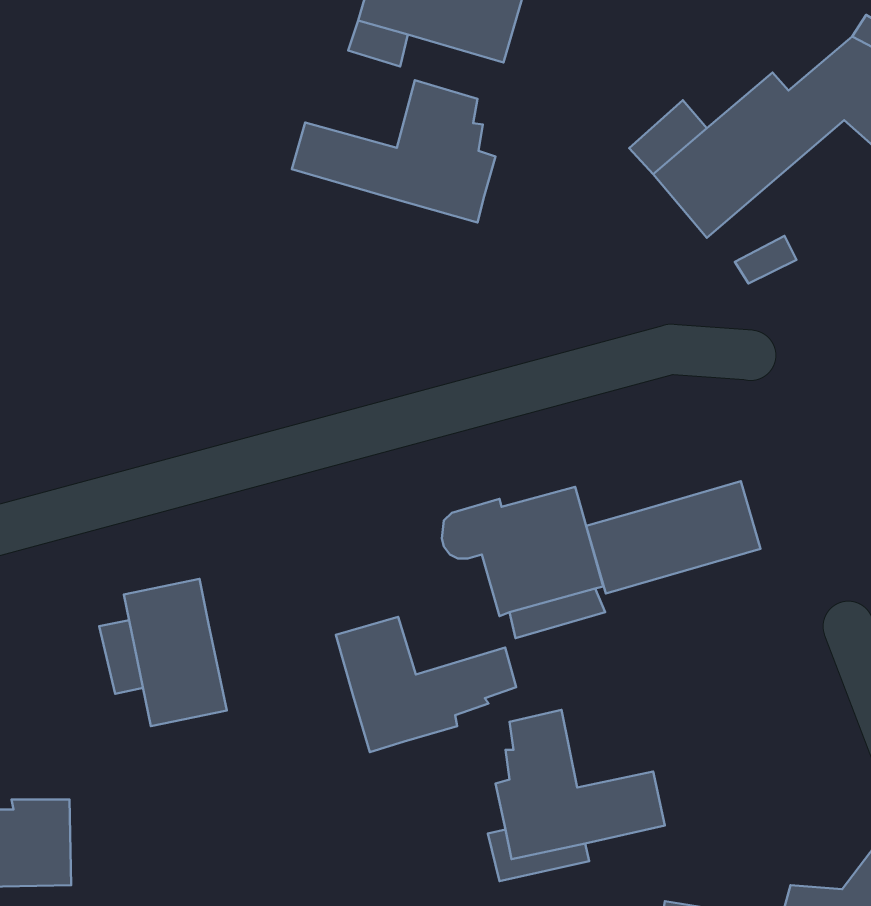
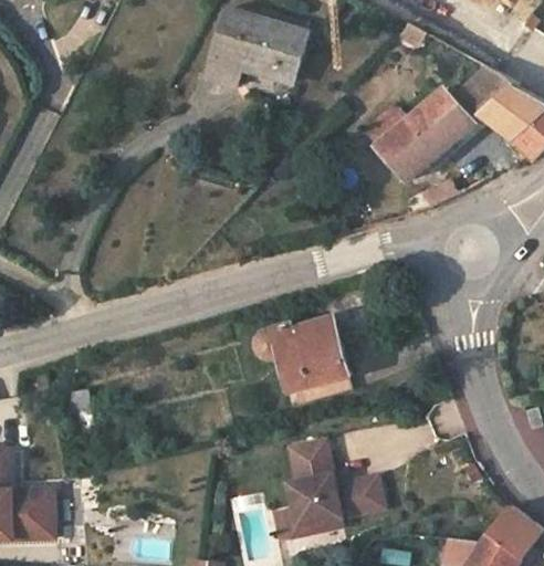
building: [292,80,495,222] -> none
building: [586,481,761,593] -> none
building: [124,579,227,726] -> none
building: [336,617,516,752] -> none

